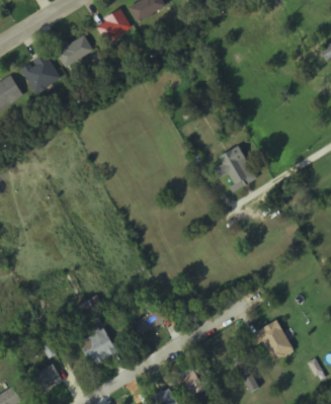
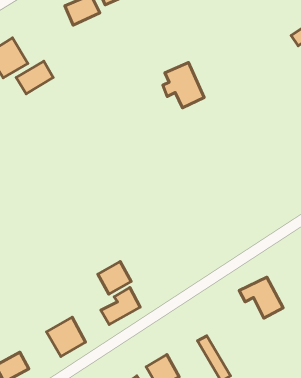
building: [57,34,93,67] -> [16,61,53,94]
building: [216,146,256,190] -> [163,63,204,108]
building: none -> [98,262,131,294]
building: [251,321,295,361] -> [239,277,283,318]

